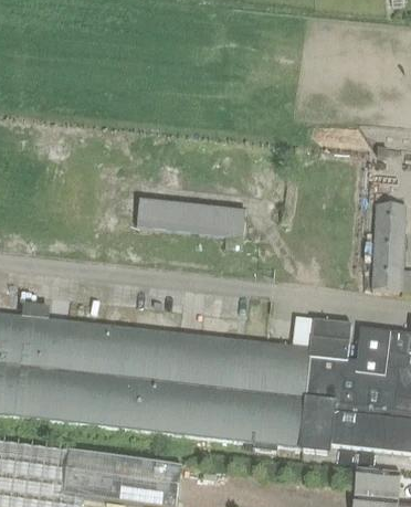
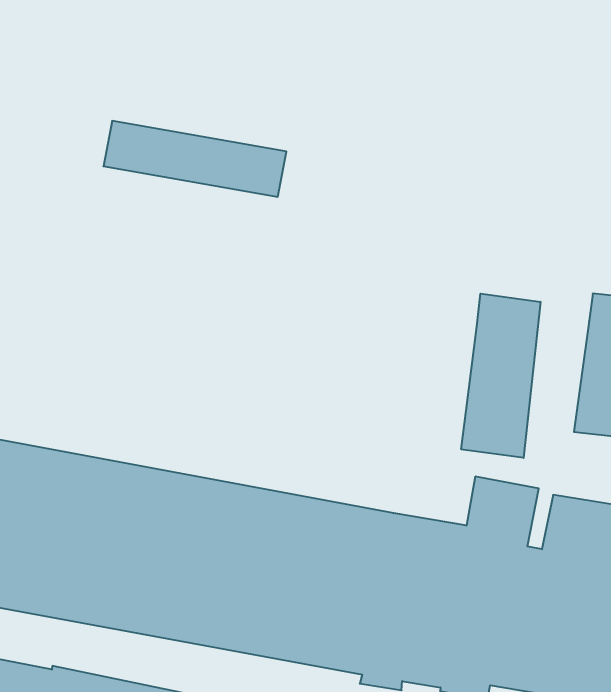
building: [136,199,245,237] -> [103,121,286,197]
building: none -> [461,294,540,458]

